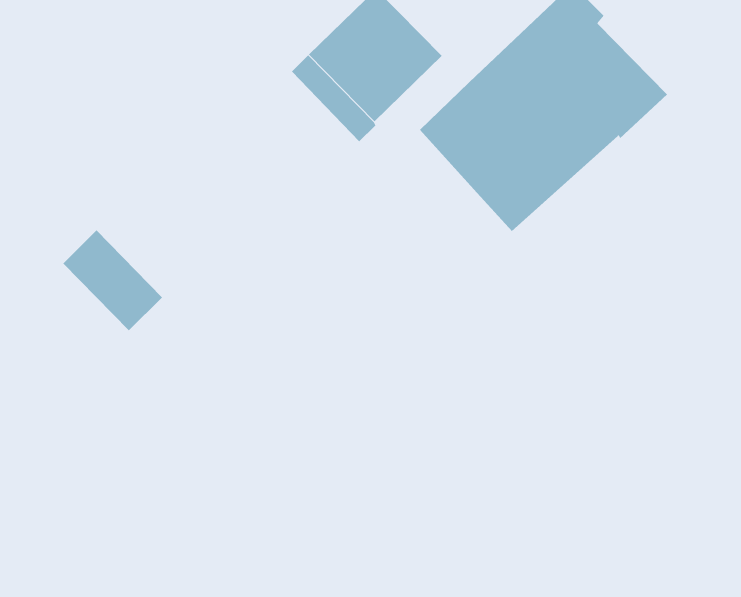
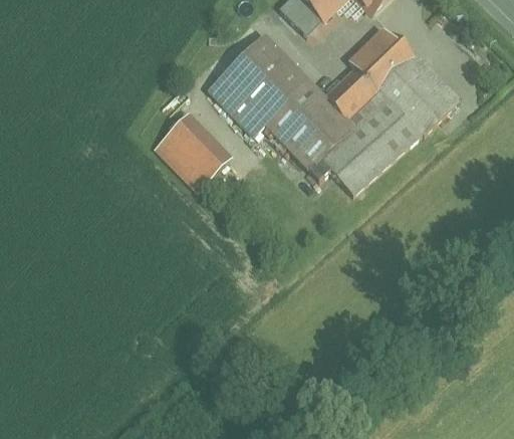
building: none -> [263,77,329,178]
building: [63,230,163,331] -> [156,121,221,187]

